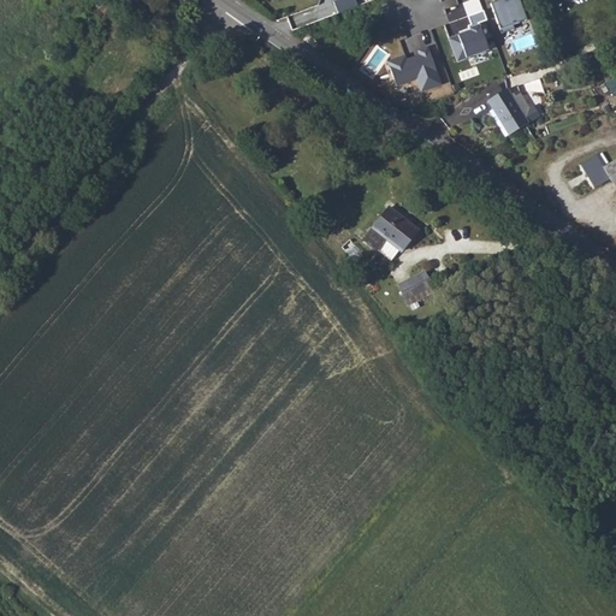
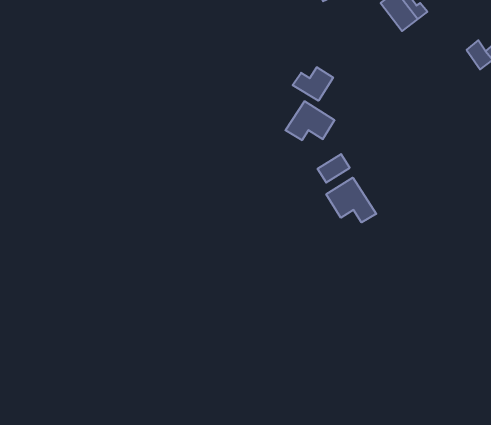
building: none -> [293,67,333,101]
building: none -> [326,178,376,222]

